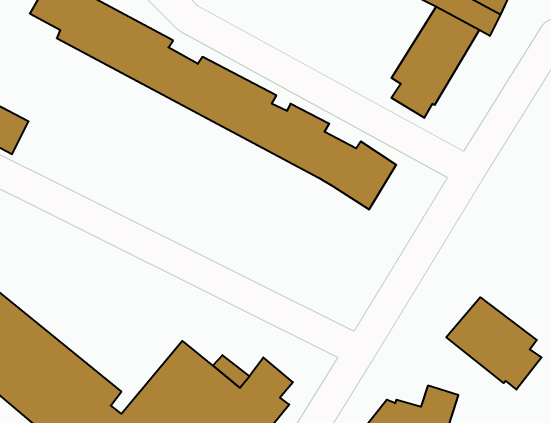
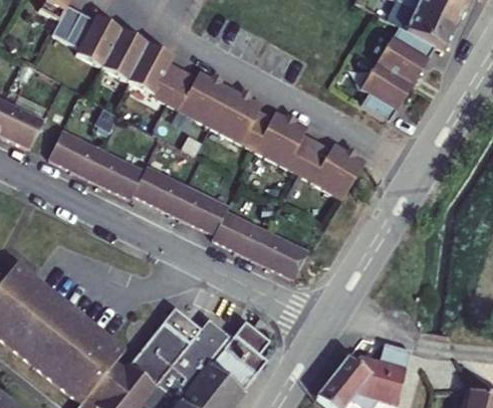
building: none -> [47,129,306,280]
building: [446,297,542,390] -> none

